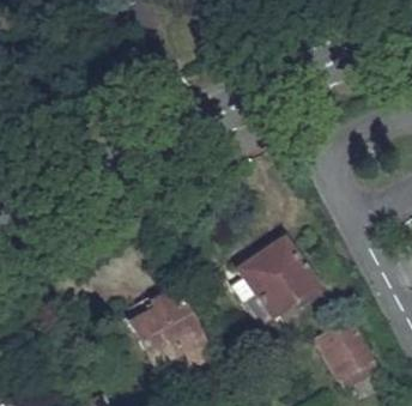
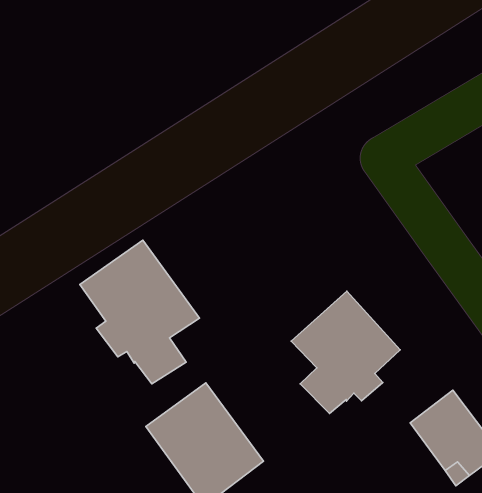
building: none -> [80,240,199,384]

